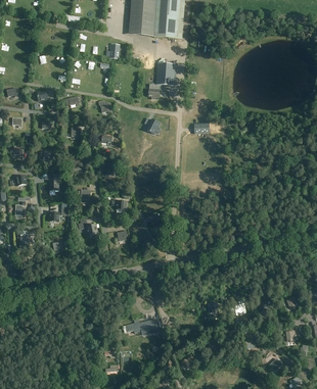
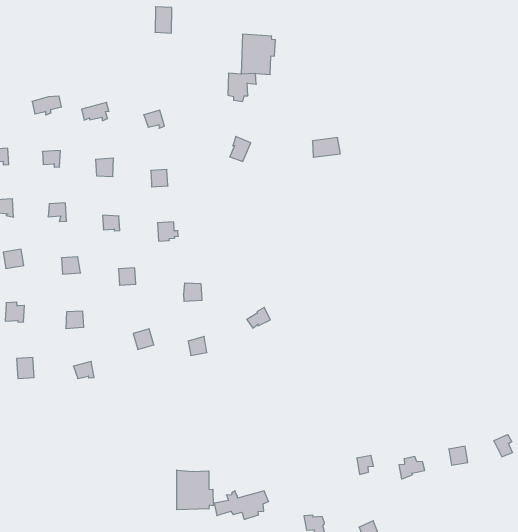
building: none -> [177,470,213,510]

